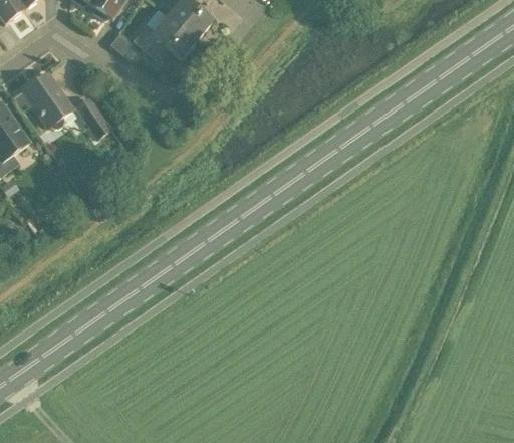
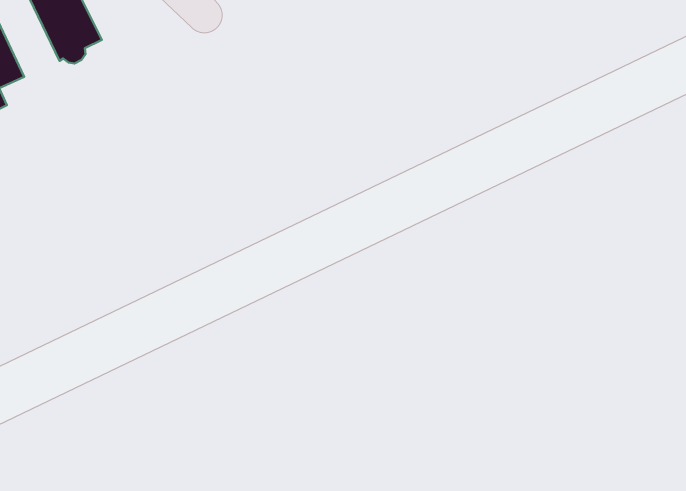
building: [73,94,104,129] -> none

